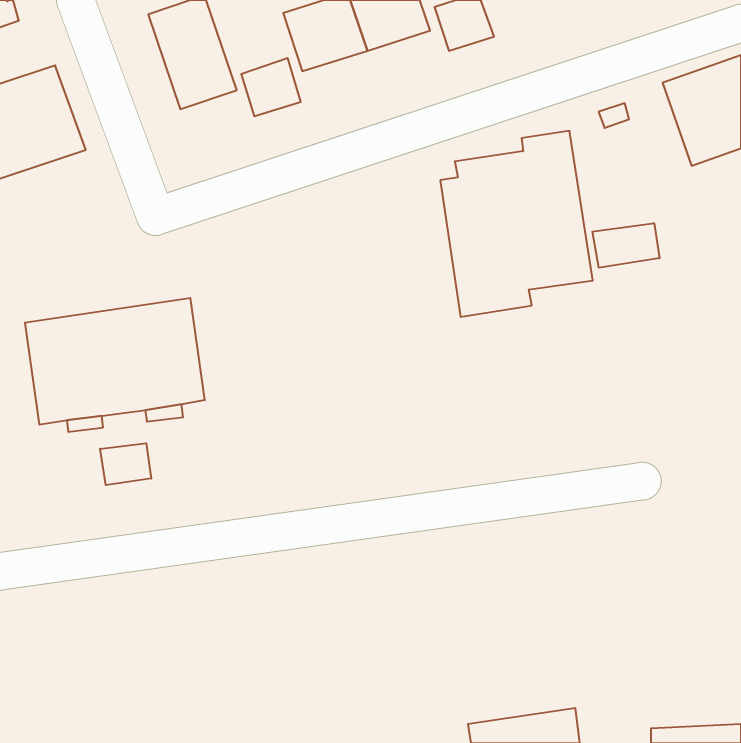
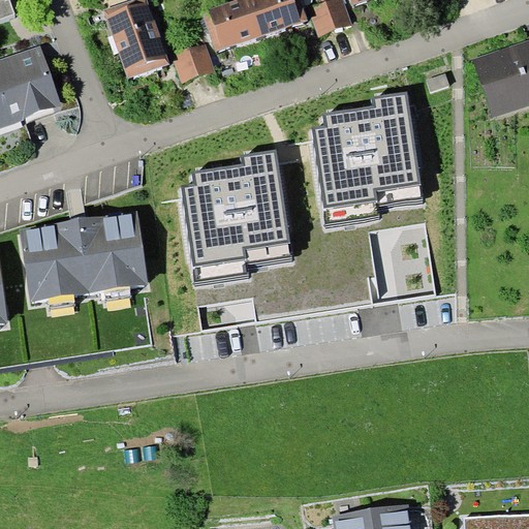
building: none -> [183,151,291,283]
building: [592,223,660,268] -> none
building: [100,443,151,485] -> none

